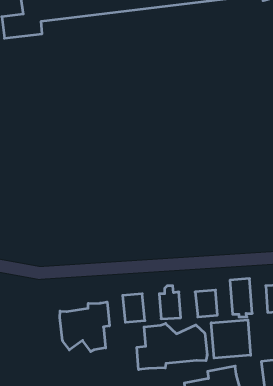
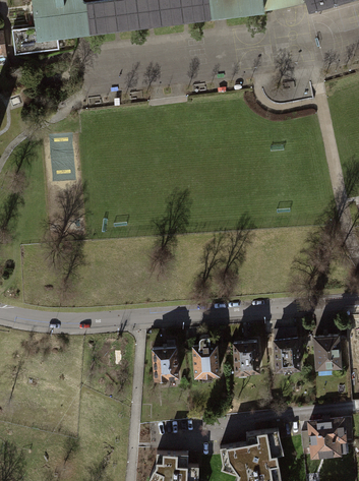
building: [60,302,109,352] -> none
building: [211,320,251,358] -> none
building: [137,323,207,370] -> none

